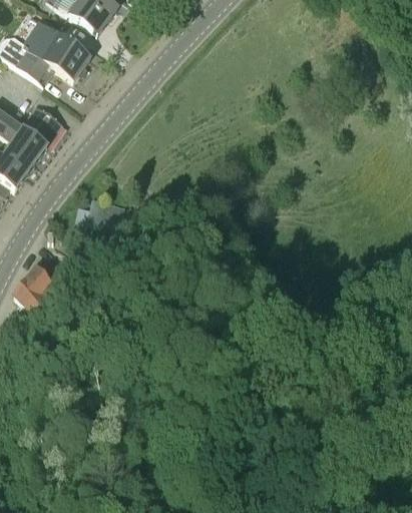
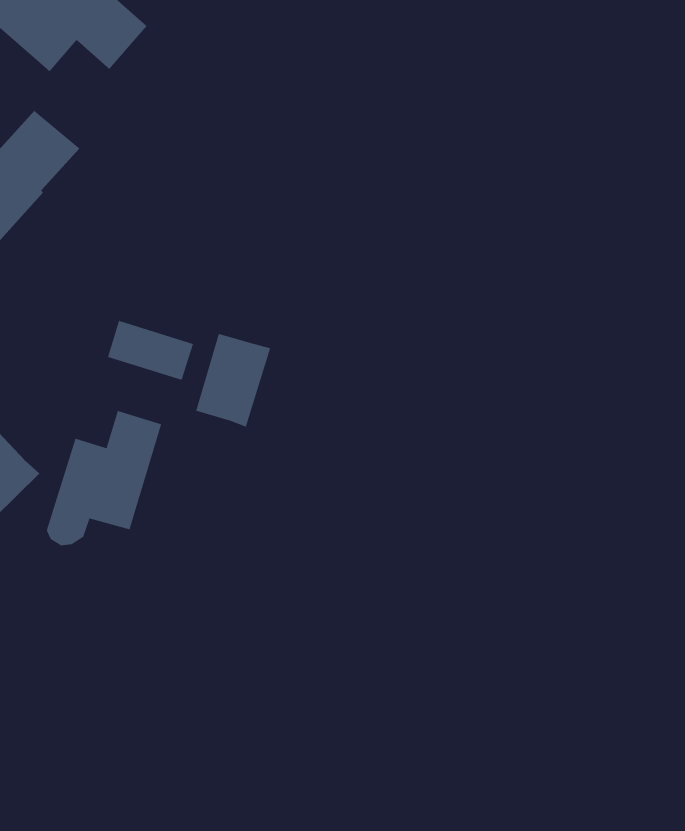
building: none -> [195,333,271,428]
building: none -> [46,410,162,546]

